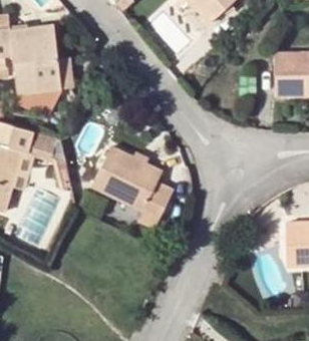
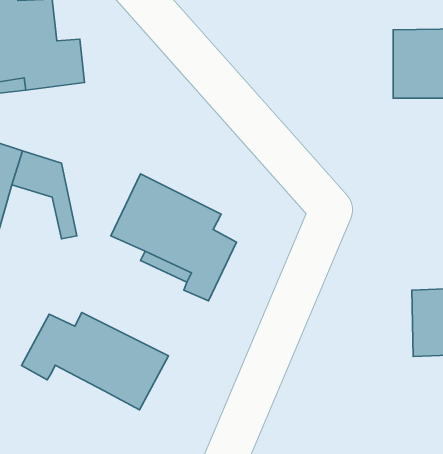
building: none -> [22,312,168,410]

